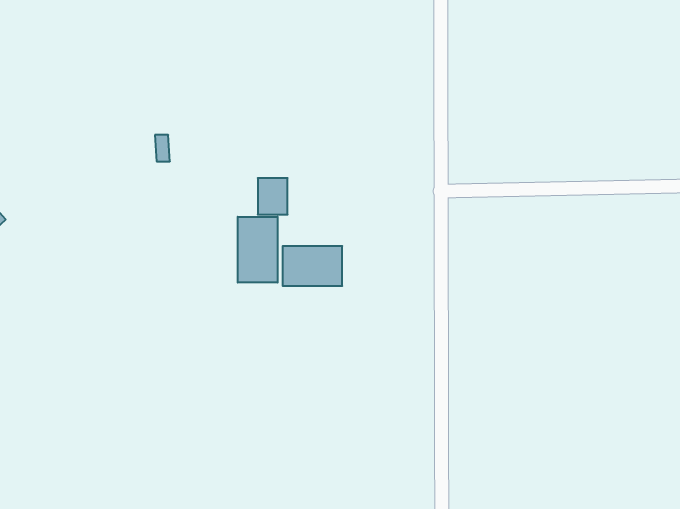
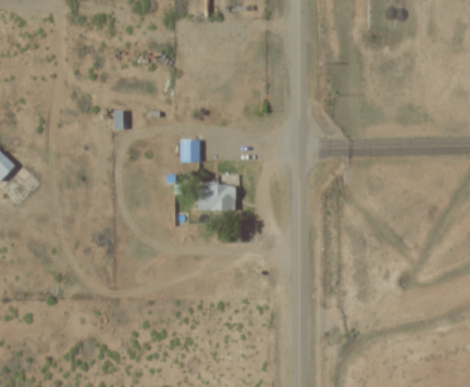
building: [238,217,278,283] -> none

